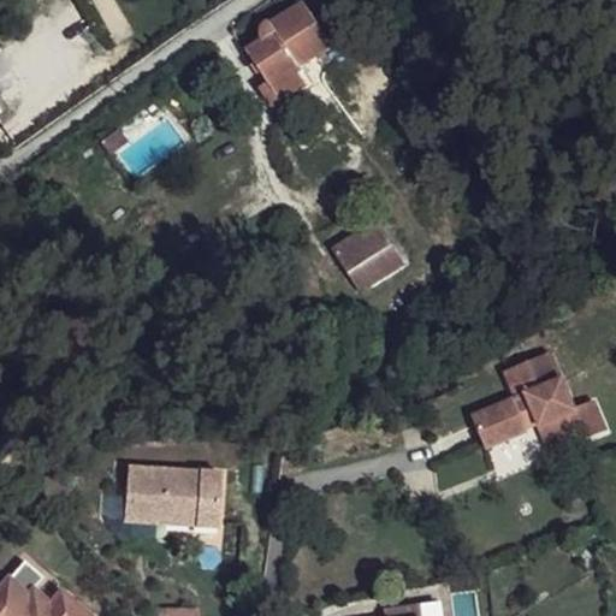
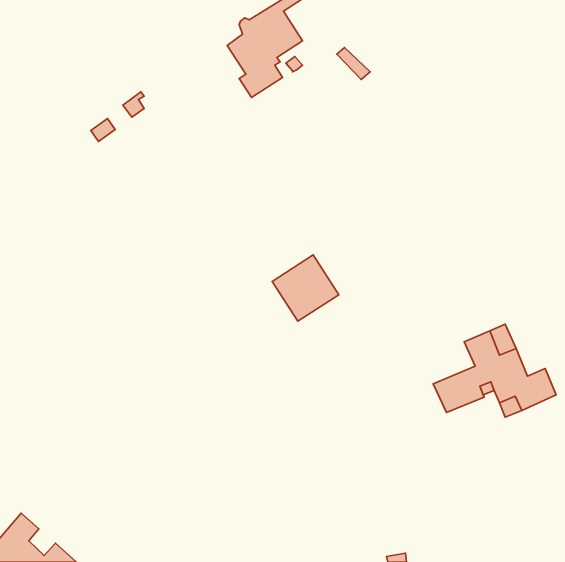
building: [339,217,411,289] -> [272,255,339,321]
building: [123,468,218,522] -> none

